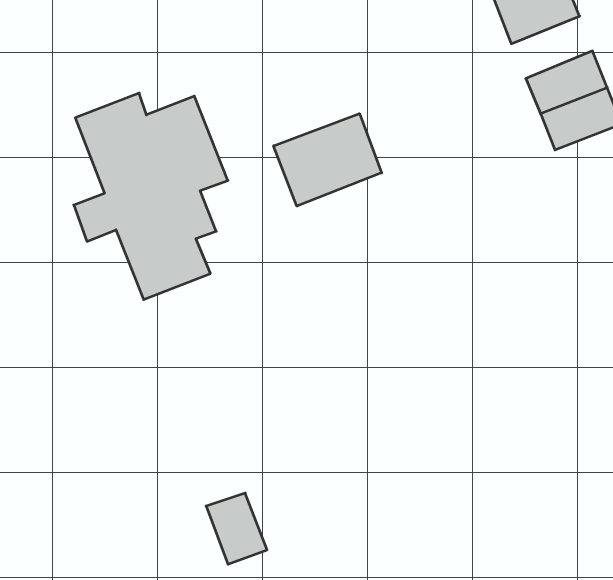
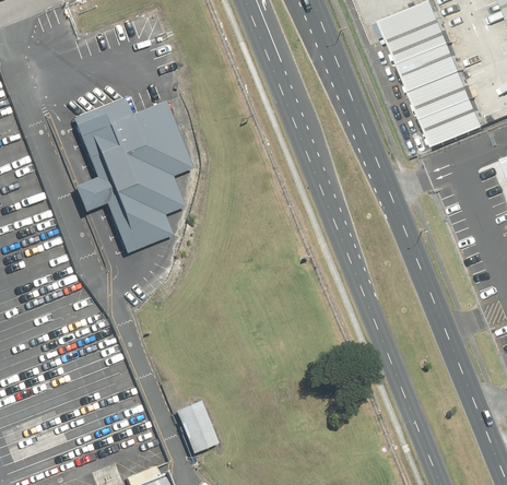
building: none -> [402,45,463,92]
building: [274,114,382,206] -> none

